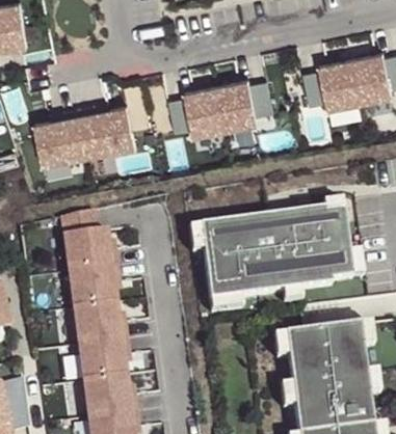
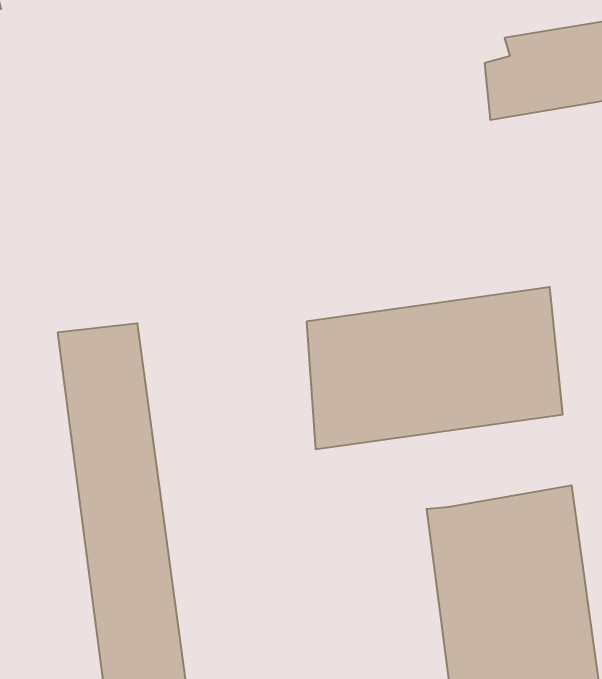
building: [174,77,278,140] -> none
building: [36,105,137,166] -> none

